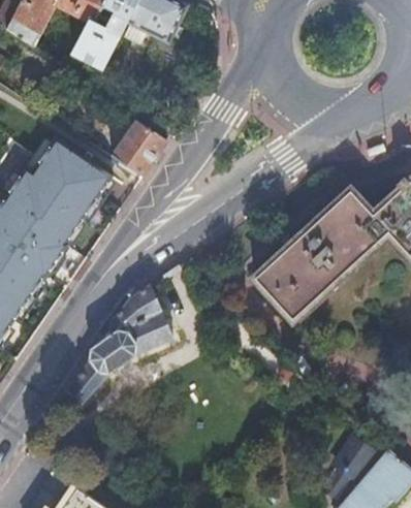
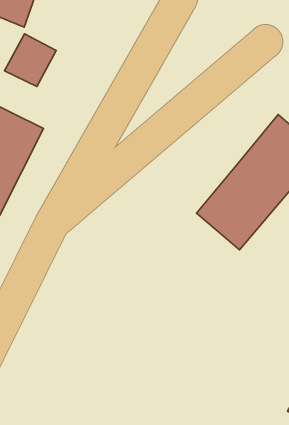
building: [110,120,165,174] -> [4,34,56,86]
building: [57,287,172,416] -> none

